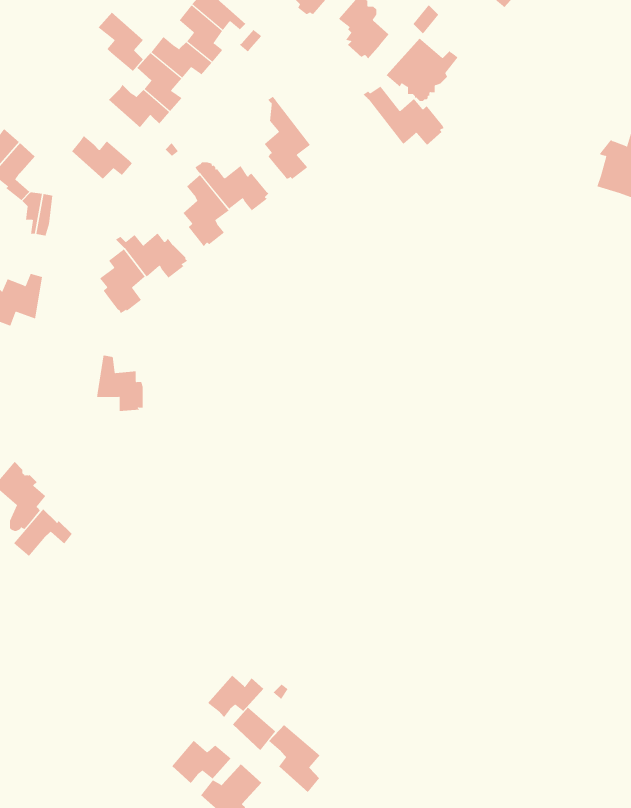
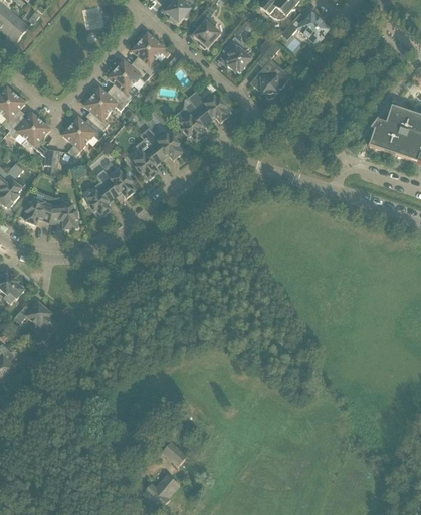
building: [98,12,144,72] -> [83,96,110,130]
building: [363,86,444,146] -> [184,88,230,122]
building: none -> [62,125,88,156]
building: [96,355,144,412] -> [50,196,77,228]
building: [13,509,72,557] -> none
building: [207,675,264,718] -> none
building: [268,724,320,793] -> none
building: [172,740,231,784] -> none

